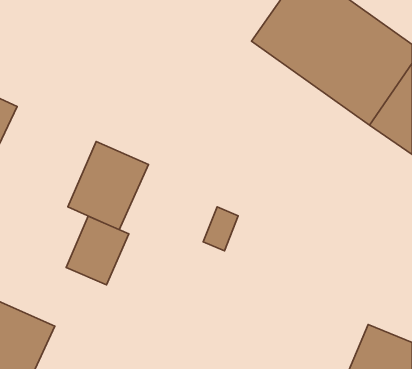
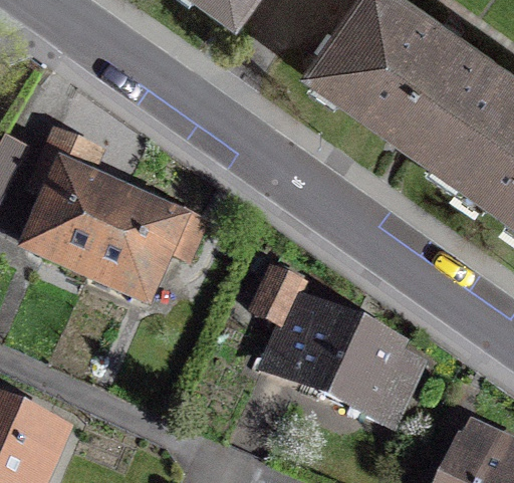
building: none -> [13,161,124,274]
building: [66,216,129,285] -> none
building: none -> [273,313,423,430]

